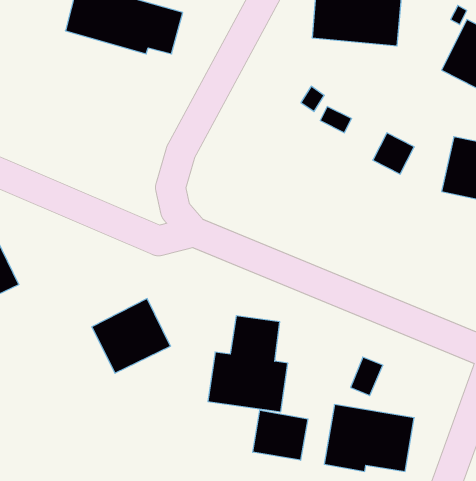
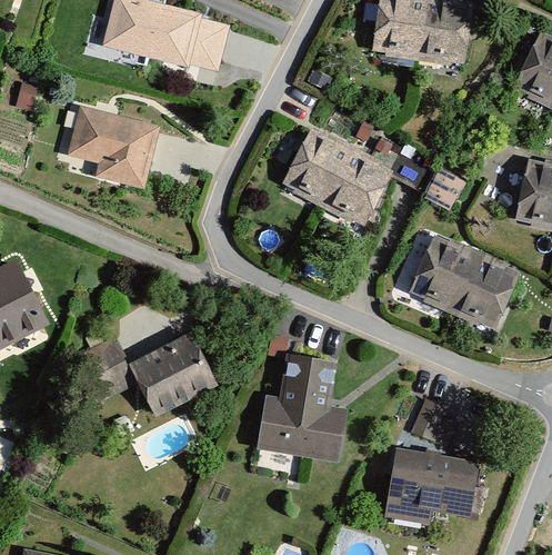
building: none -> [64,103,154,186]
building: none -> [281,126,393,224]
building: none -> [408,234,519,329]
building: [253,410,308,460] -> none

